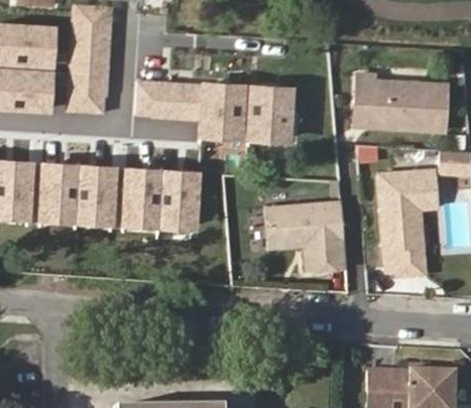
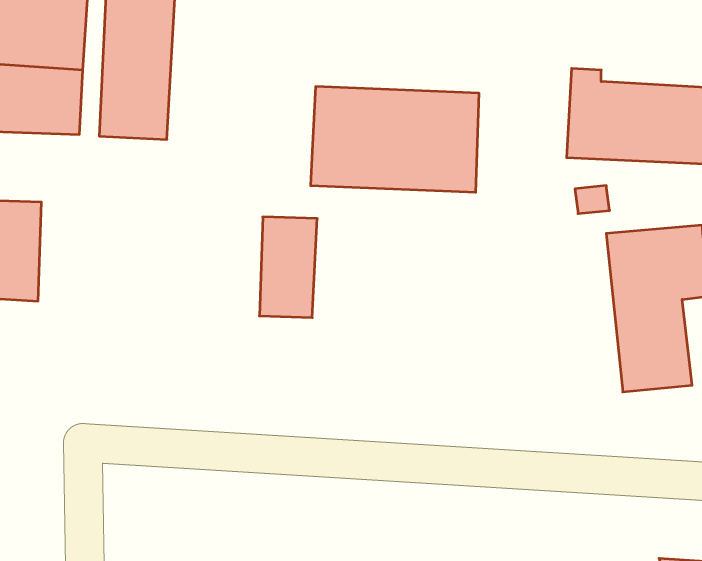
building: [133,81,199,123] -> none
building: [42,153,79,216] -> none
building: [82,156,117,219] -> none
building: [125,161,161,224] -> none
building: [260,200,342,273] -> none

